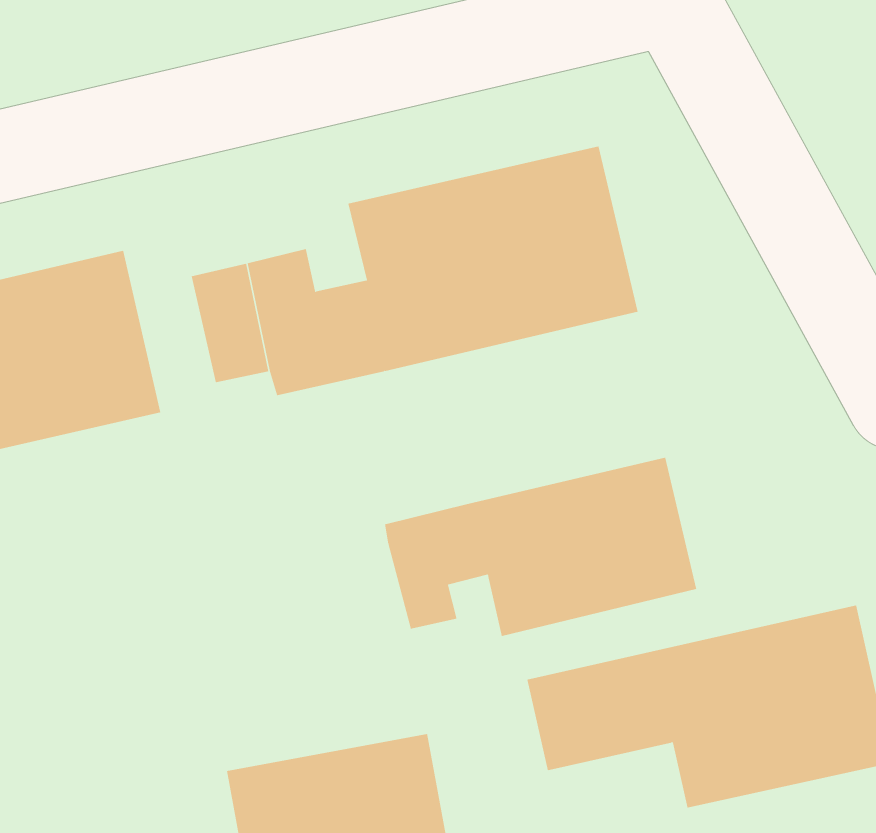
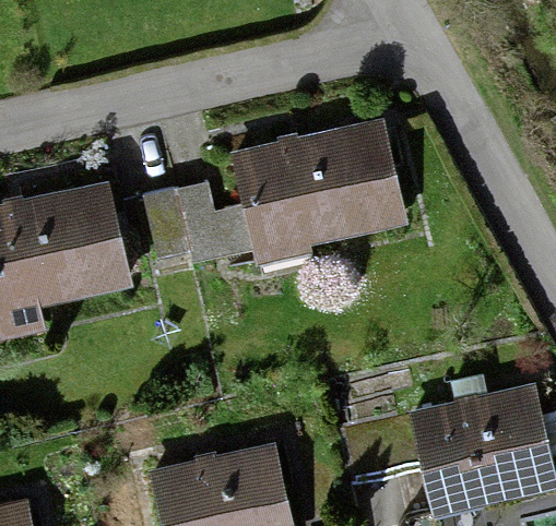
building: [385,457,697,637] -> none

